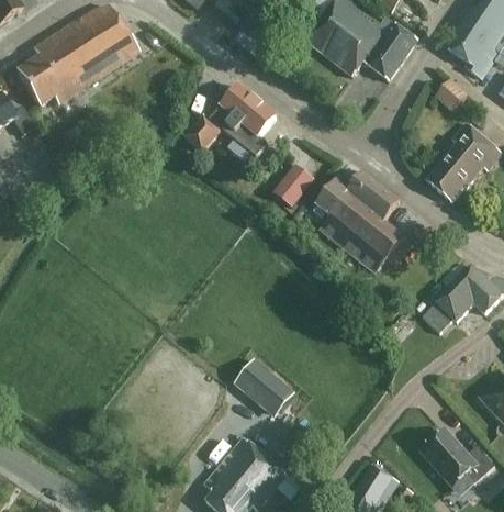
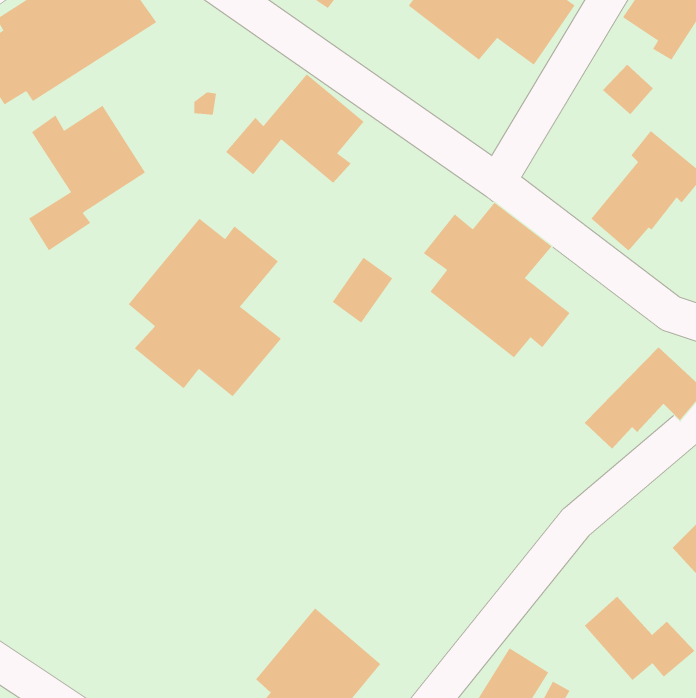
building: none -> [28,105,146,251]
building: [273,163,314,207] -> [332,257,393,323]
building: none -> [128,218,282,397]
building: [234,358,295,418] -> none

